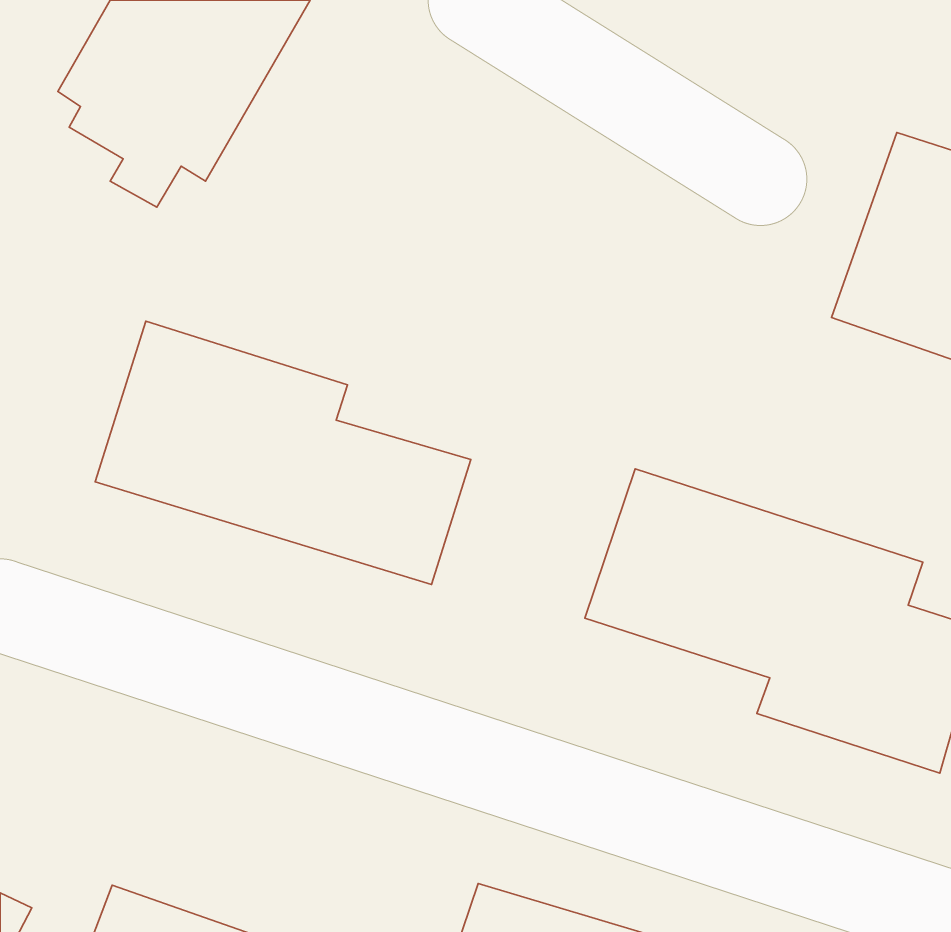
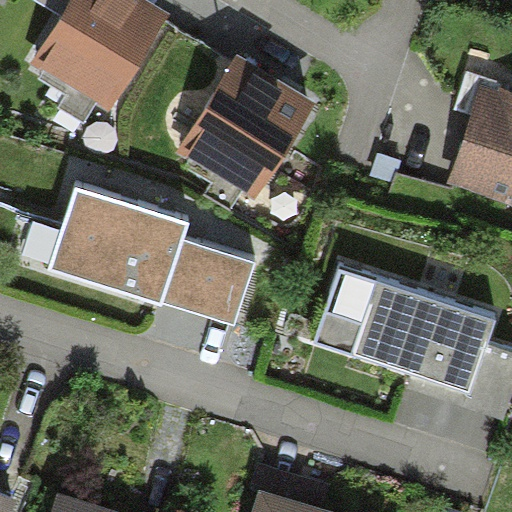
building: none -> [180,47,315,190]

